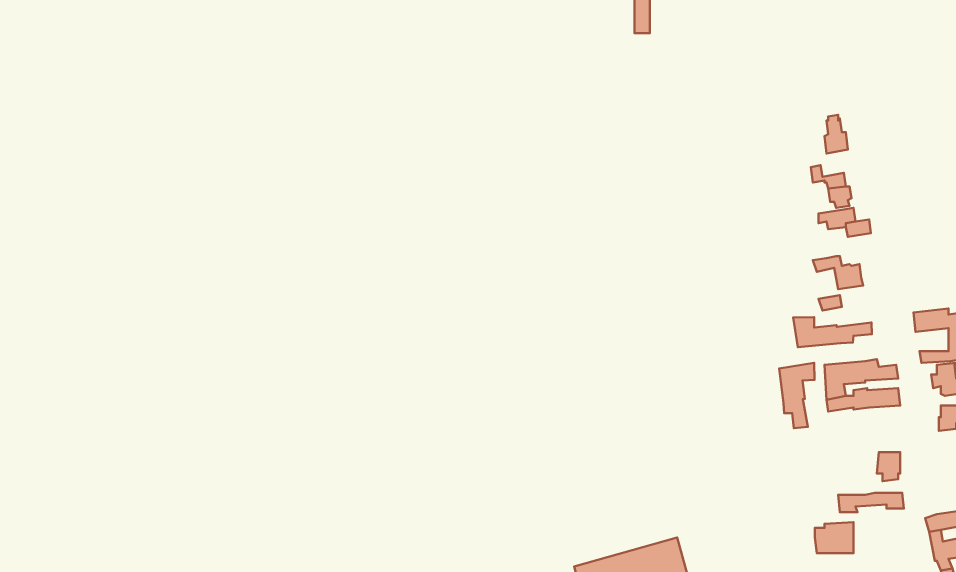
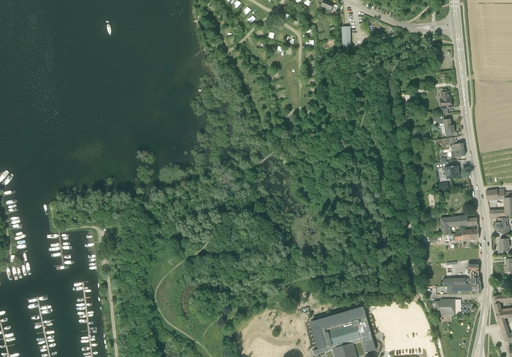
building: [793,317,872,347] -> none
building: [779,363,814,428] -> none

